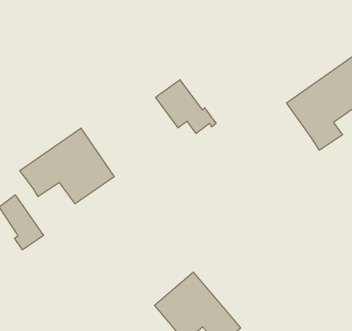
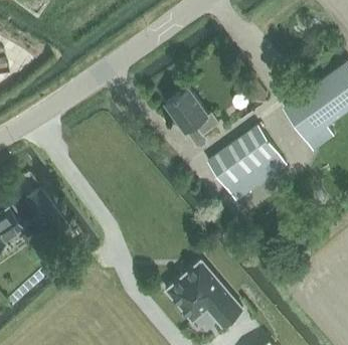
building: none -> [206,127,285,201]
building: [20,128,114,204] -> none

